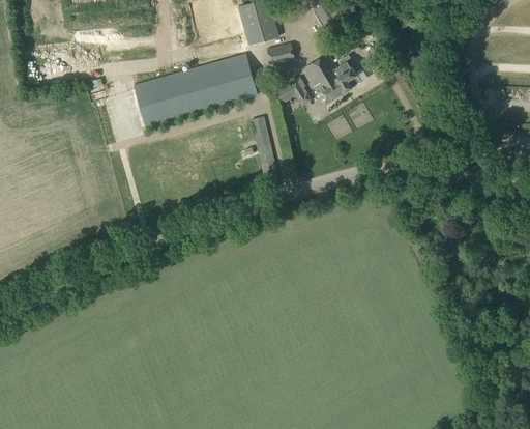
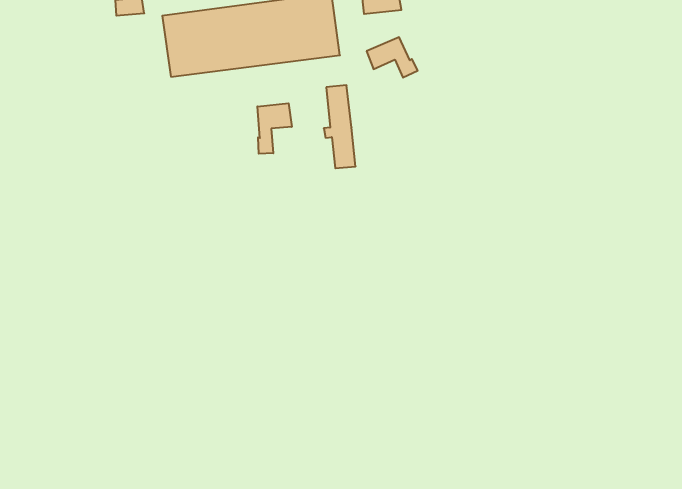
building: [304,53,360,104] -> none
building: none -> [257,103,292,154]

